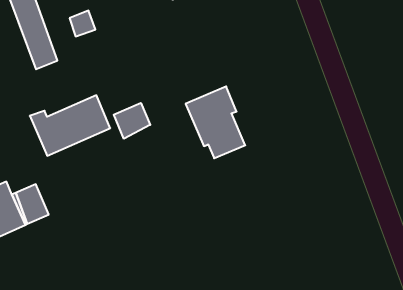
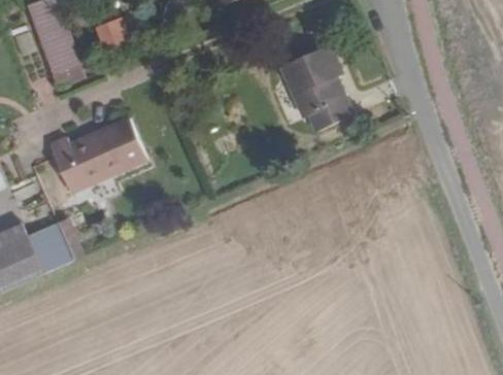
building: [186,86,245,158] -> [281,44,353,130]
building: [114,103,150,139] -> none

